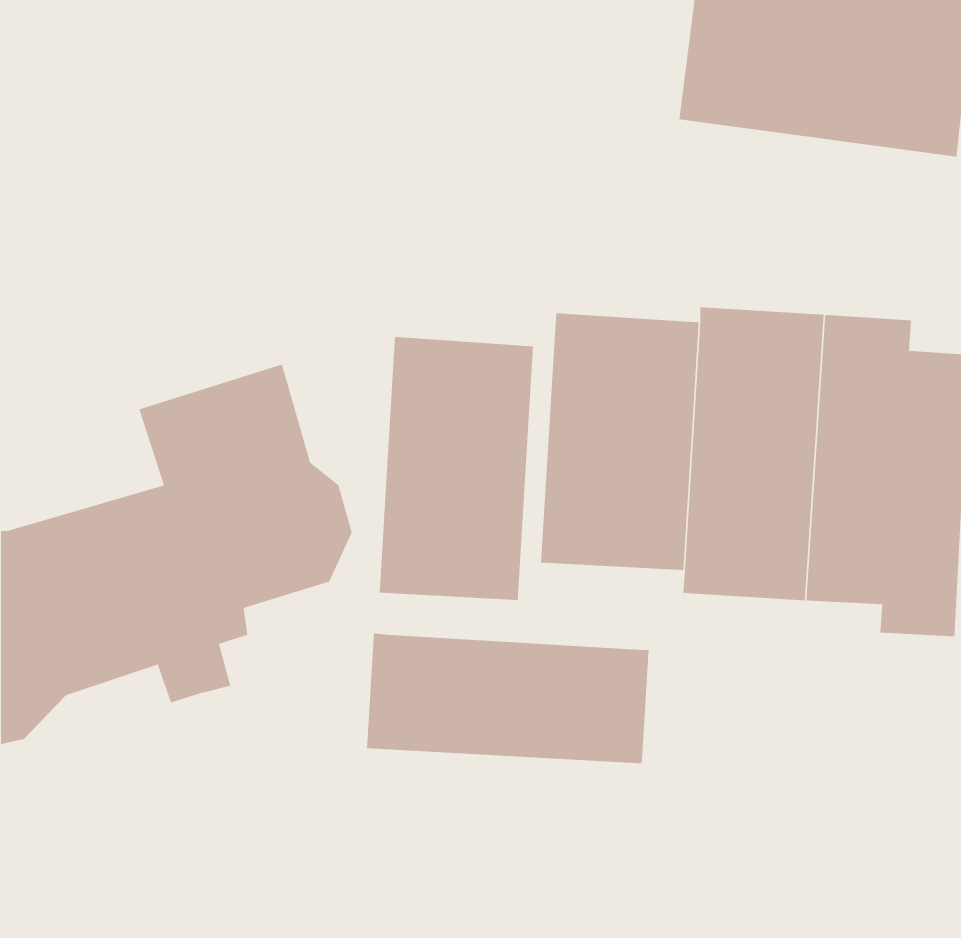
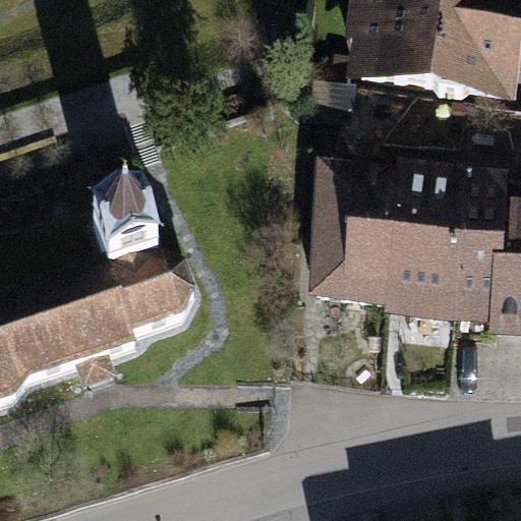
building: [379,336,533,601] -> none
building: [366,632,649,764] -> none

